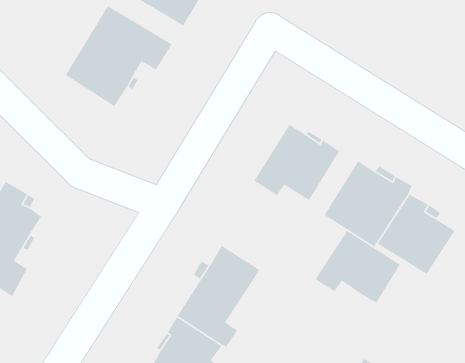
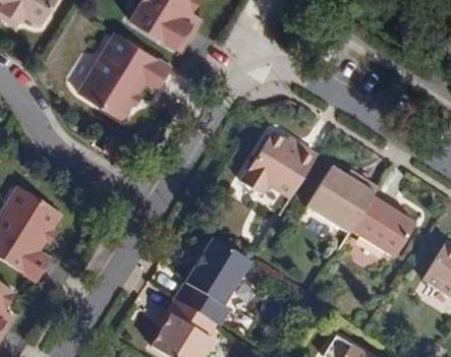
building: [314,230,401,304] -> none

